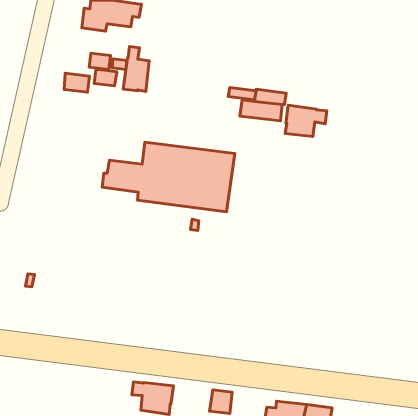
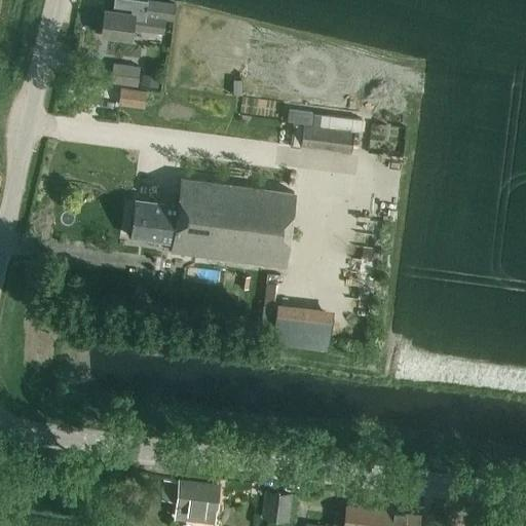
building: [123,47,149,91] -> none
building: [64,73,90,92] -> none
building: [285,105,327,136] -> none
building: none -> [271,301,334,350]

